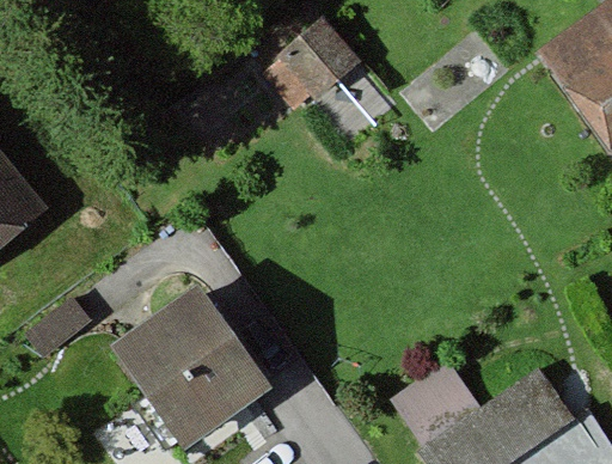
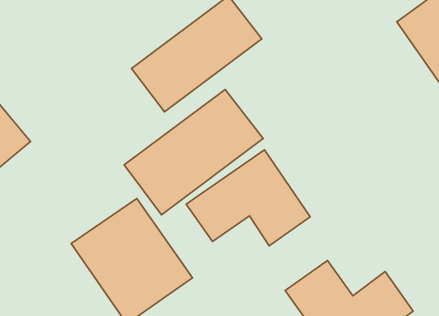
building: none -> [124,89,263,215]
building: none -> [186,150,310,246]

